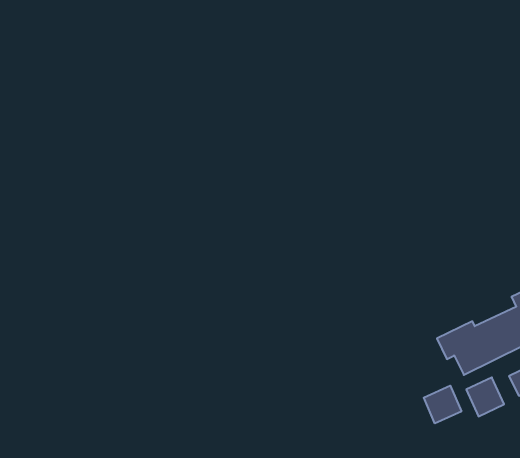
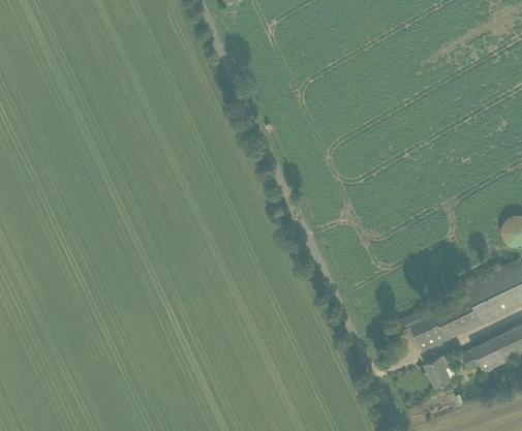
building: [424,386,461,423] -> none

